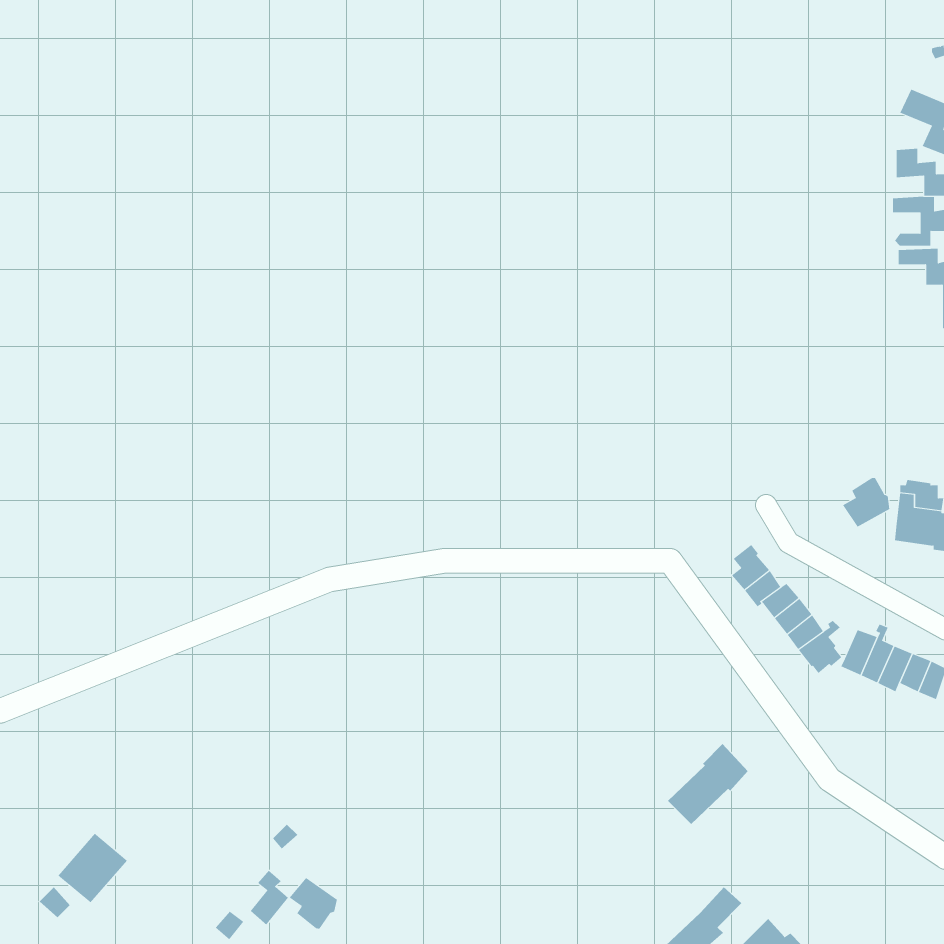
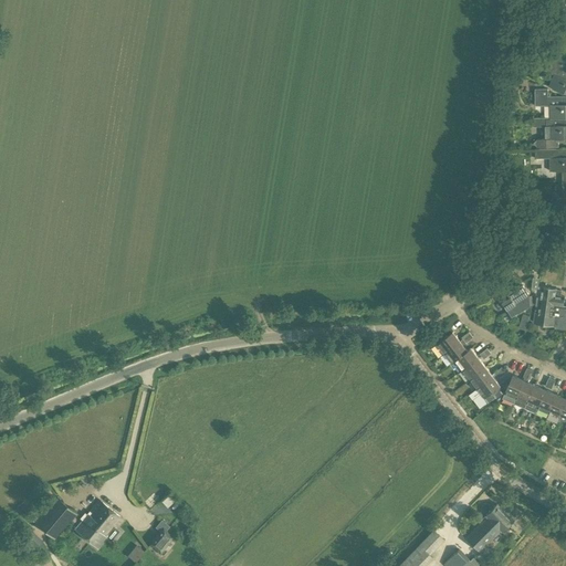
building: [667,743,749,825] -> [464,504,513,553]
building: none -> [75,501,123,549]
building: [289,877,338,929] -> none

